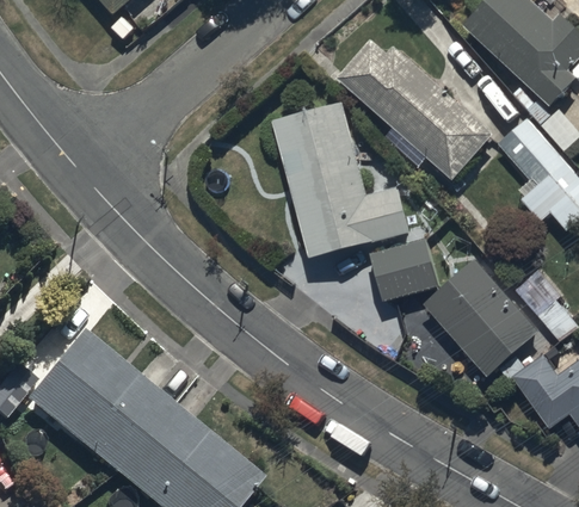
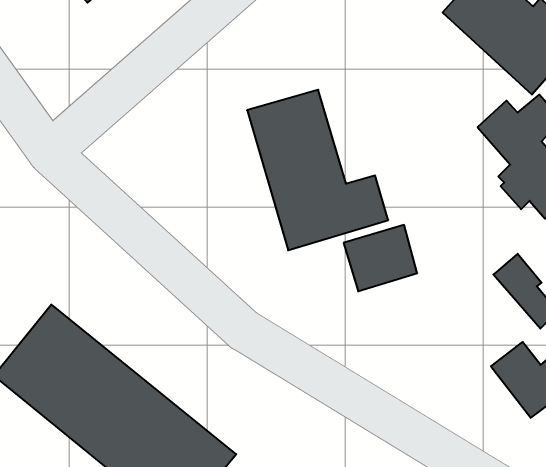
building: [335,42,494,183] -> none
building: [423,259,540,378] -> none

